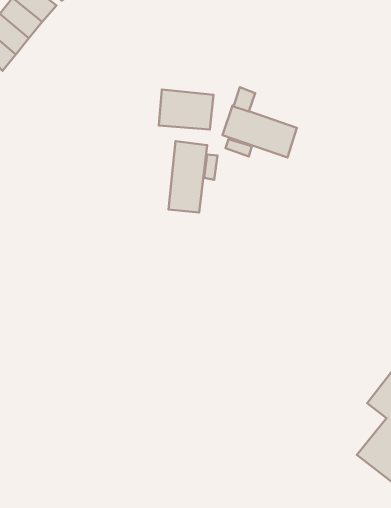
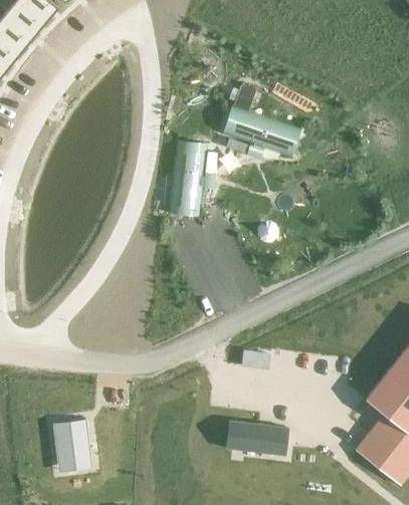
building: [159,89,214,130] -> none
building: none -> [55,421,92,472]
building: none -> [226,421,288,456]

